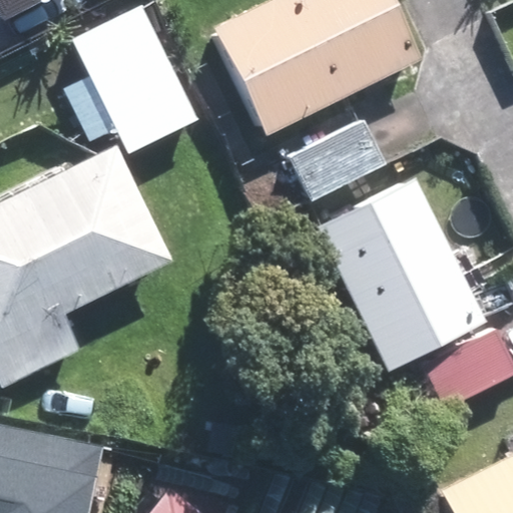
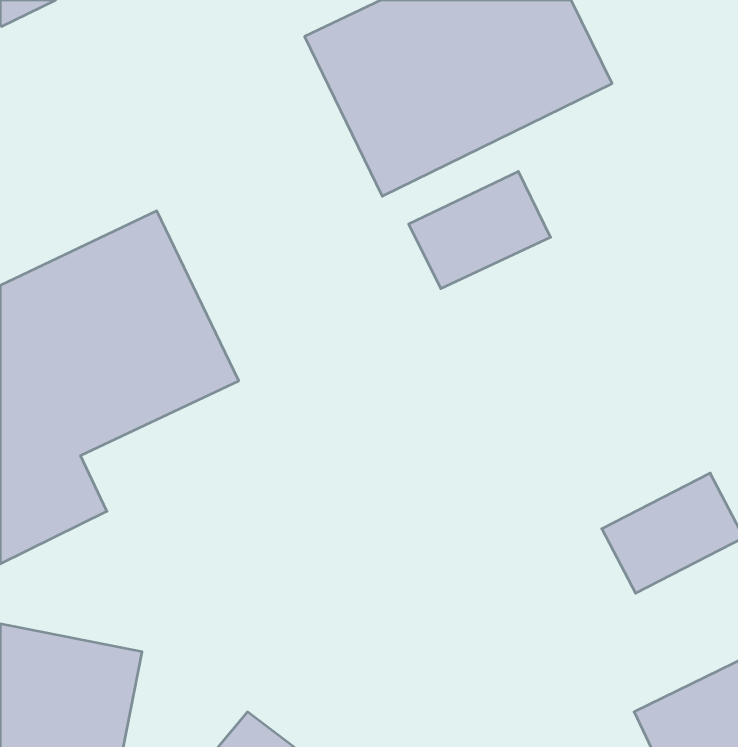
building: [70,5,195,152] -> none
building: [317,178,485,371] -> none

